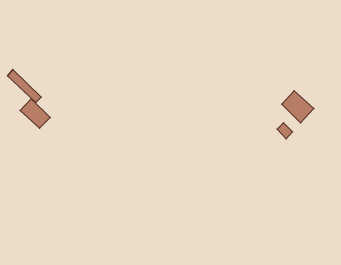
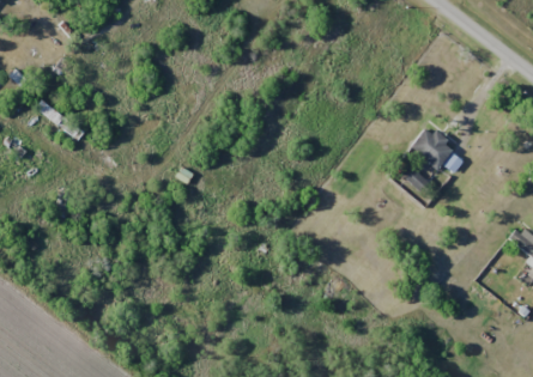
building: [20,99,50,128] -> none

